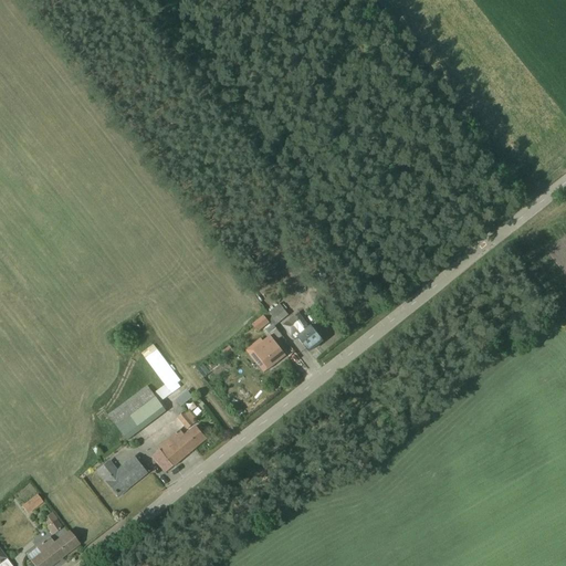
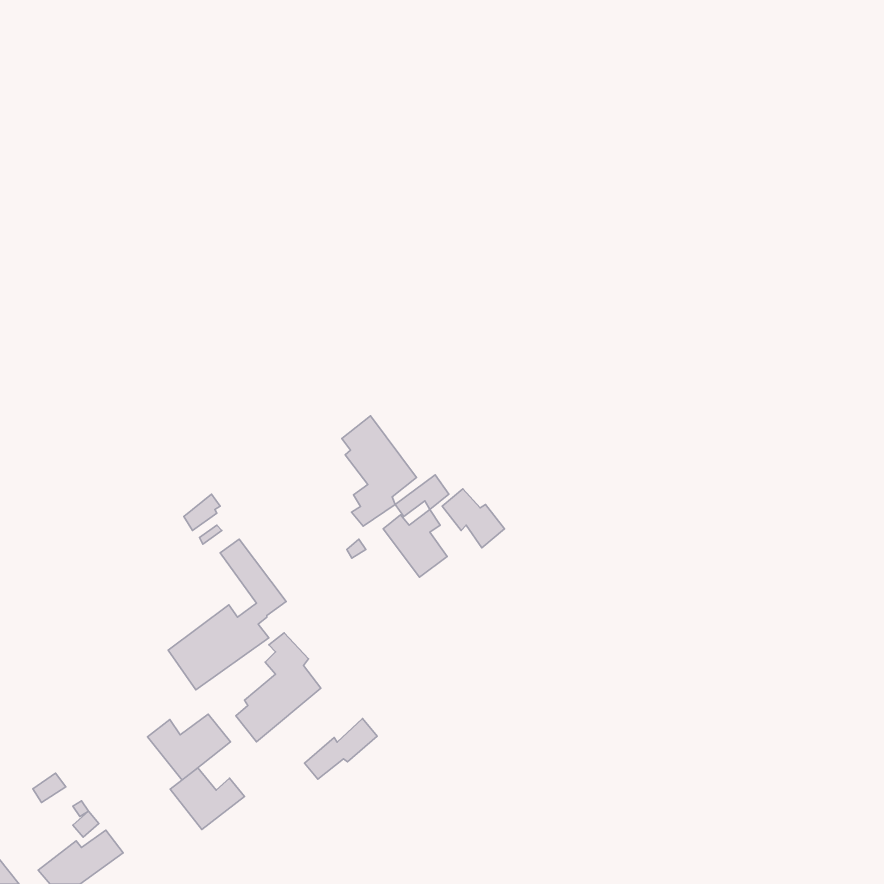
building: none -> [342,416,416,526]
building: none -> [304,718,377,779]
building: none -> [170,768,244,829]

